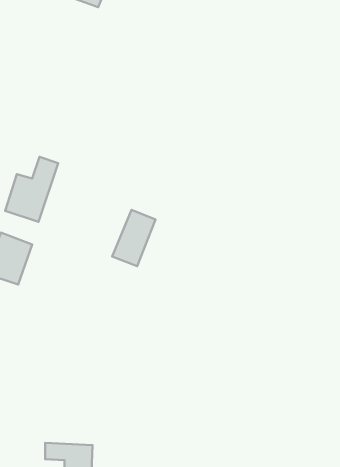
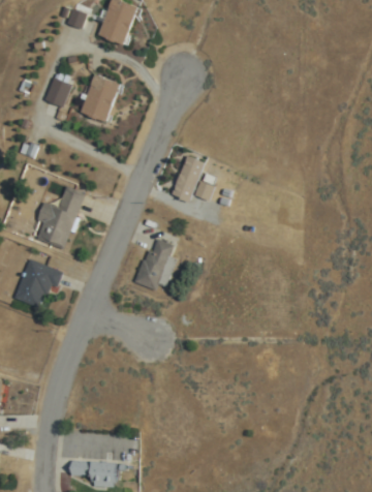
building: none -> [81,74,118,121]
building: none -> [44,78,71,106]
building: none -> [173,156,214,203]

